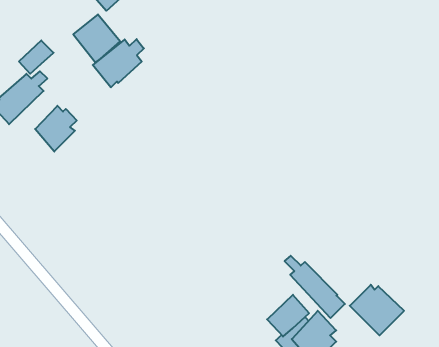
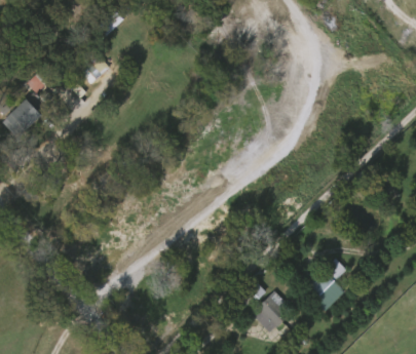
building: [93,39,144,87] -> none
building: [35,106,77,152] -> none
building: [285,256,345,318] -> none

